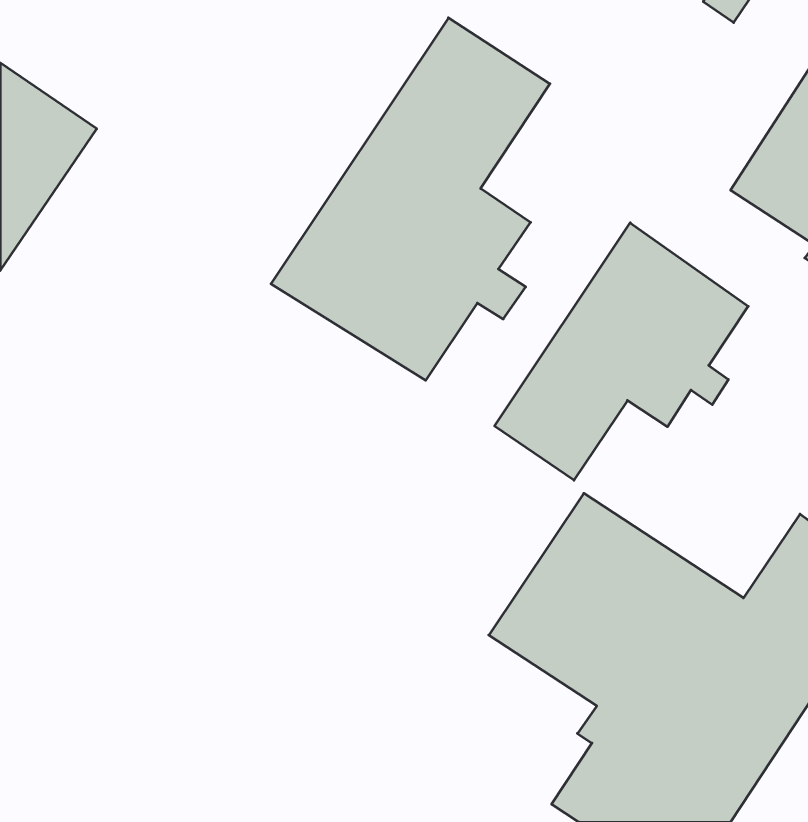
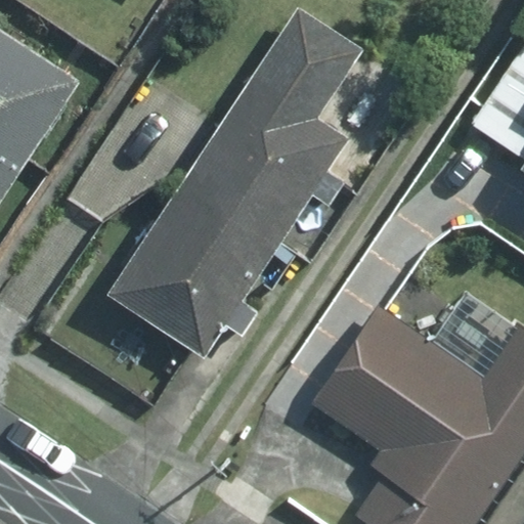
building: [495,223,748,480] -> none
building: none -> [106,180,280,358]

